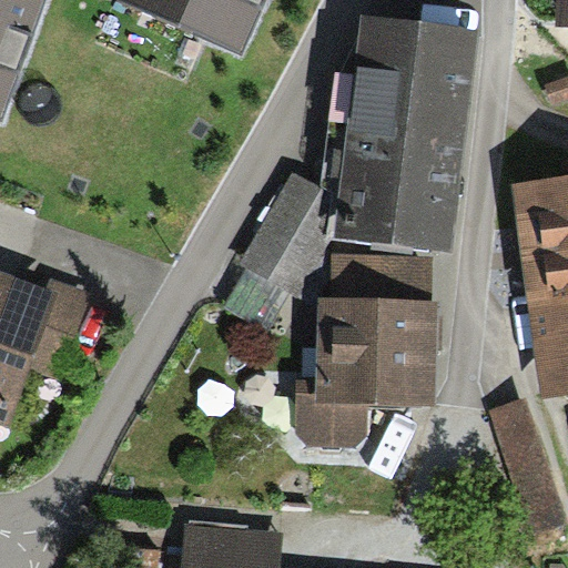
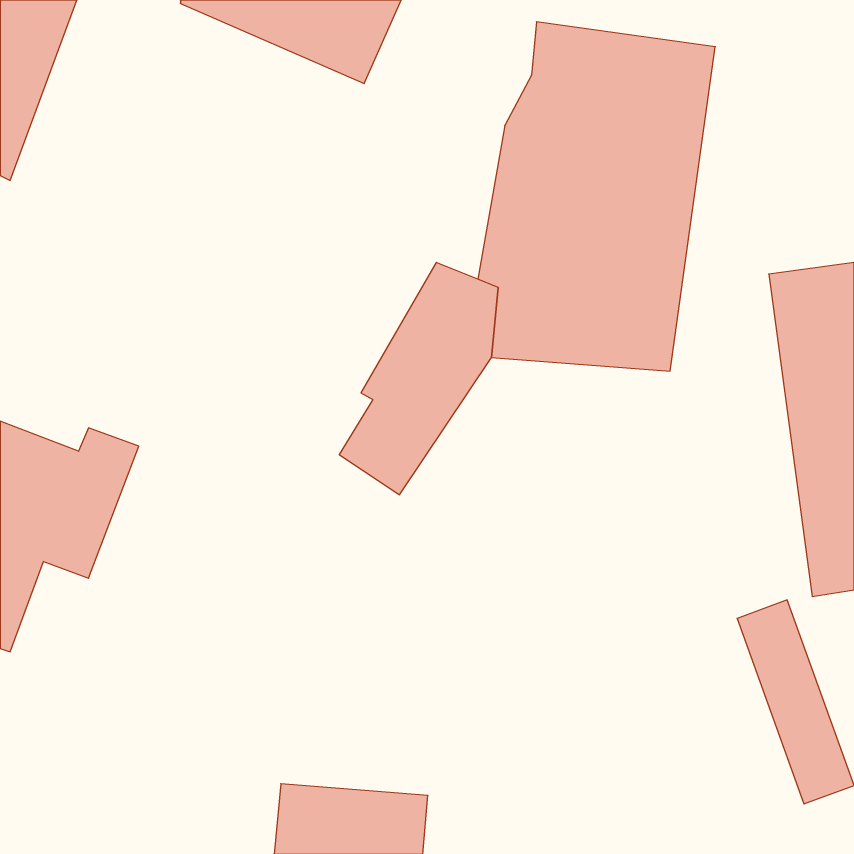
building: [294,253,437,446] -> none

